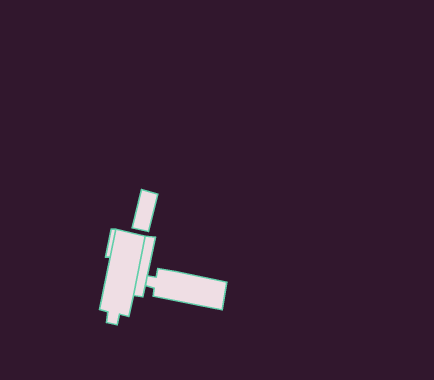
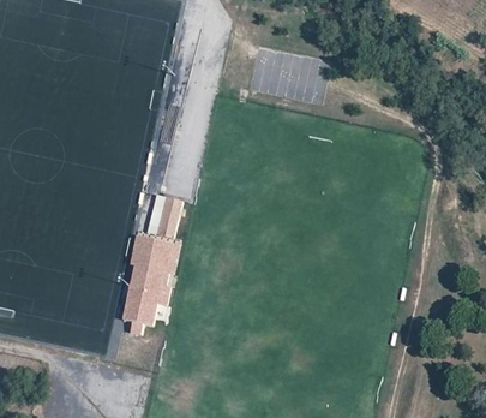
building: [145,268,227,310] -> none

